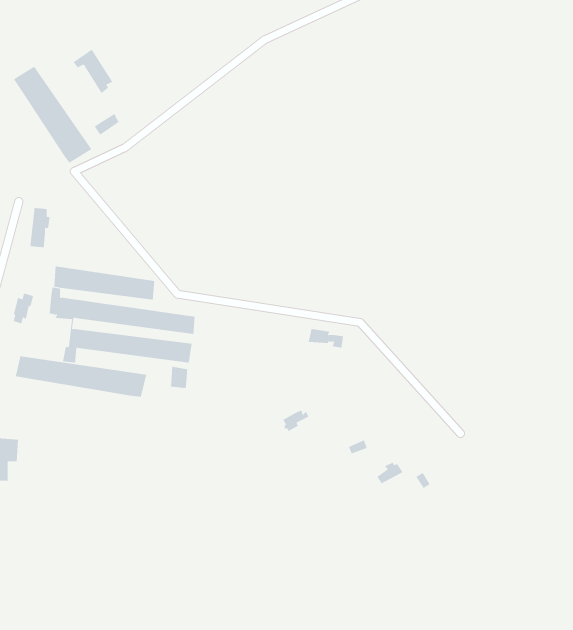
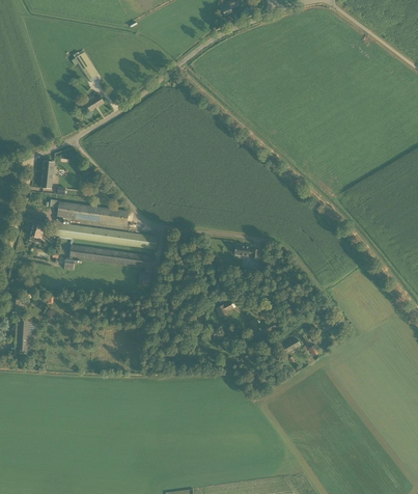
building: [13,66,92,163] -> none
building: [15,355,147,397] -> none

